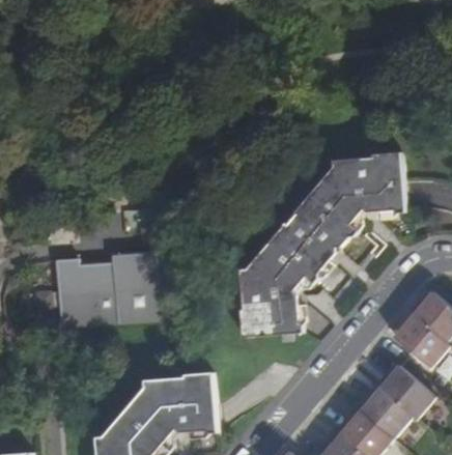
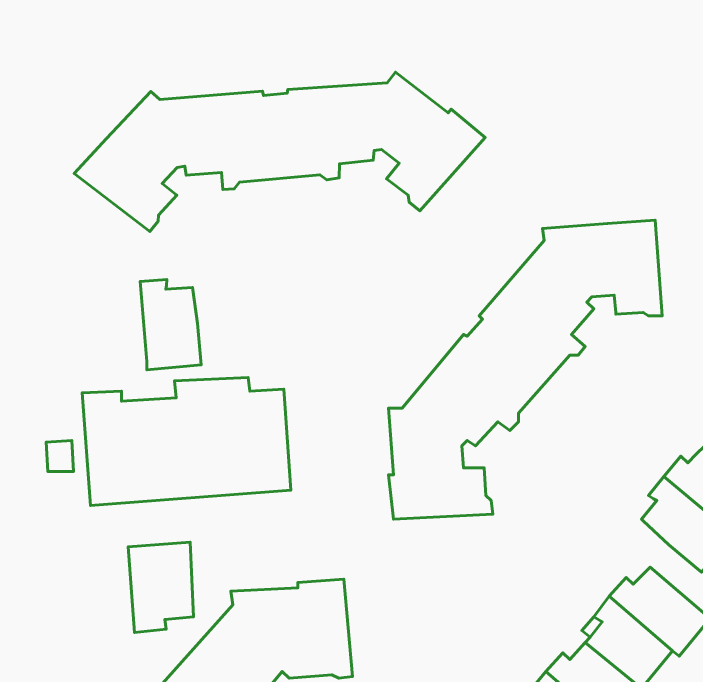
building: none -> [74,72,485,232]
building: none -> [140,280,201,370]
building: none -> [128,542,193,632]

